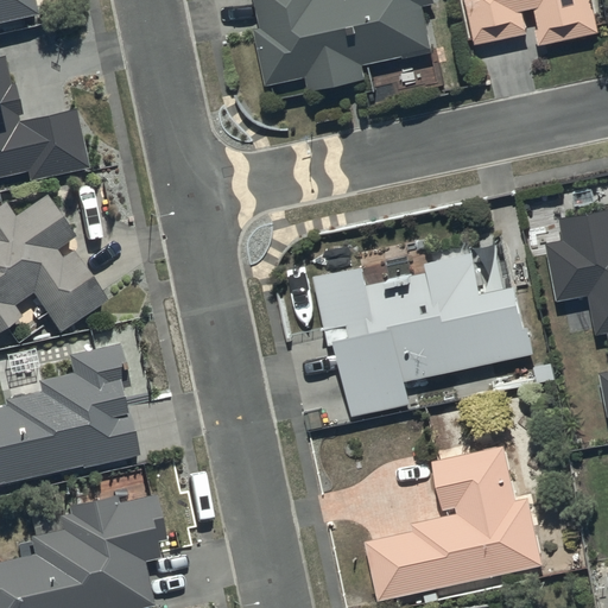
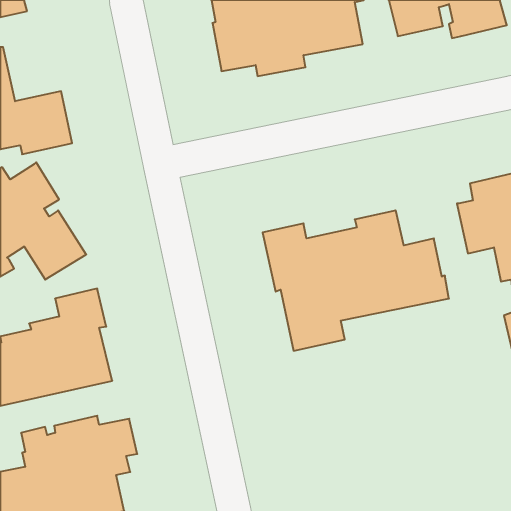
building: [365,443,542,600] -> none

